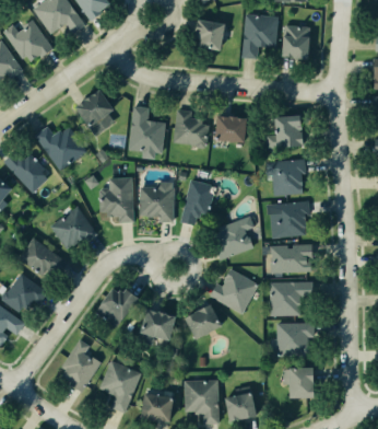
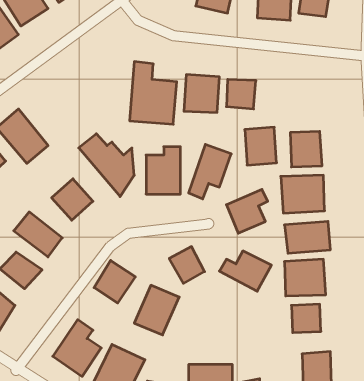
building: [73,90,110,126] -> none
building: [275,112,305,147] -> [245,127,277,165]
building: [36,121,83,166] -> none
building: [184,301,216,335] -> [169,247,205,283]

